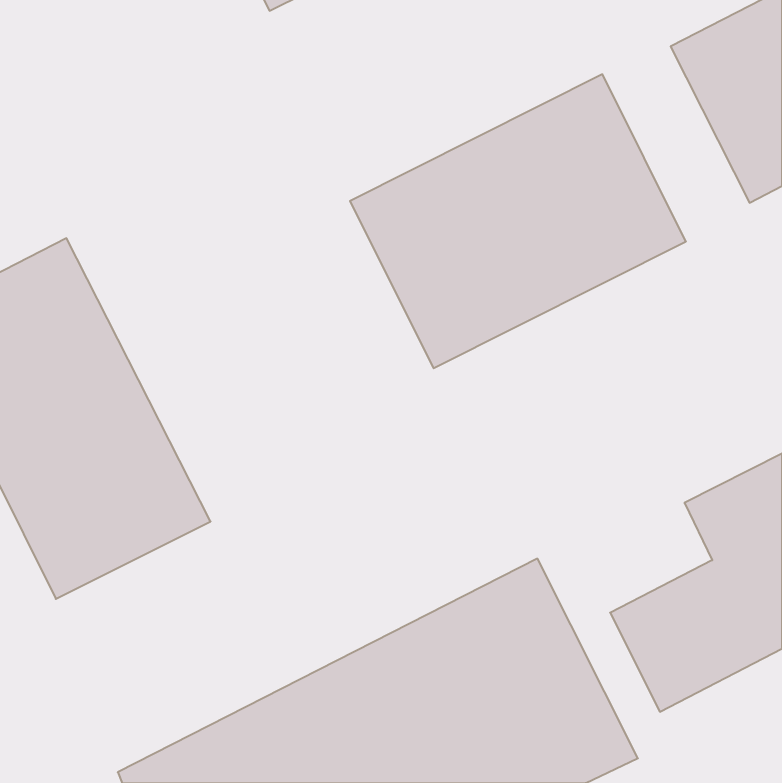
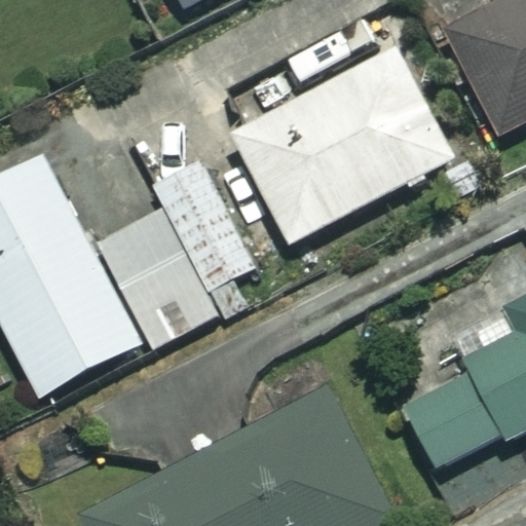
building: none -> [105,116,265,346]

